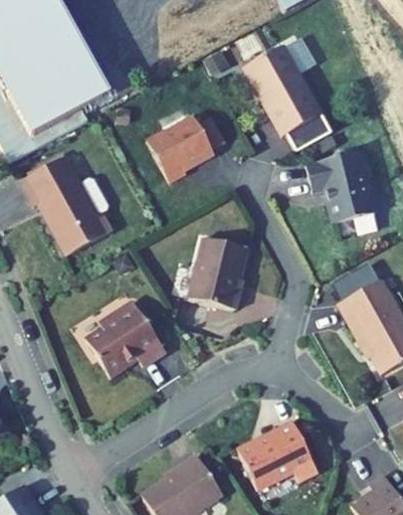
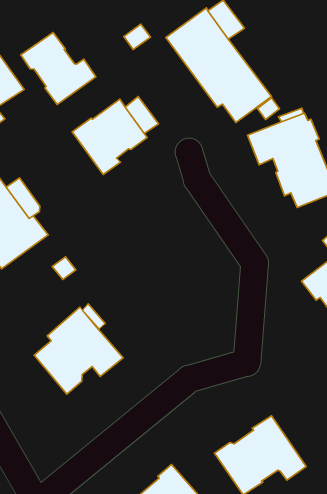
building: none -> [21,33,96,104]
building: [189,236,248,309] -> none

